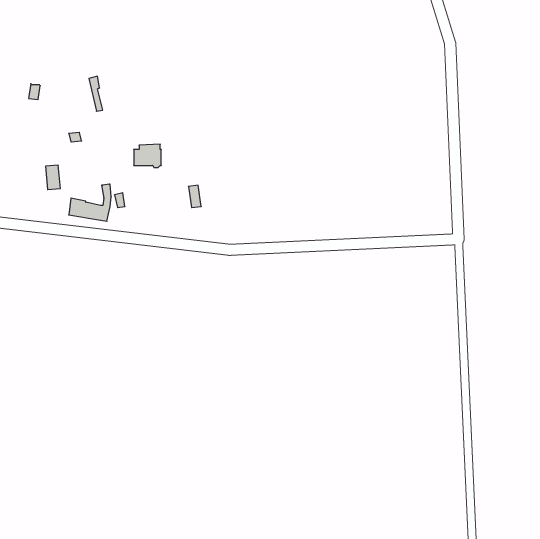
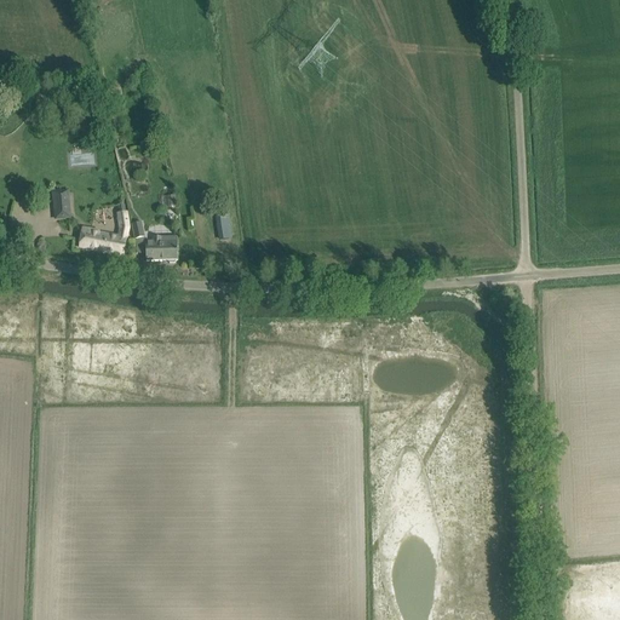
building: [134,144,161,167] -> [145,235,177,262]

